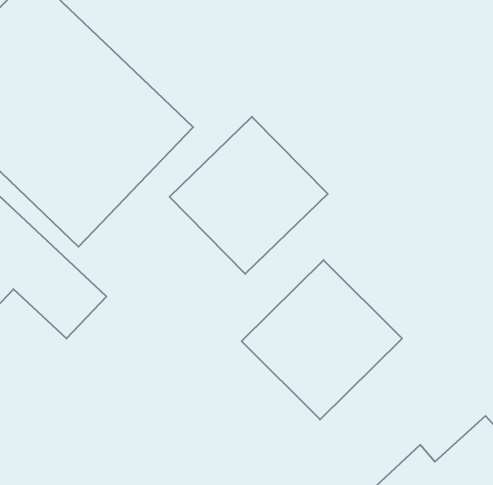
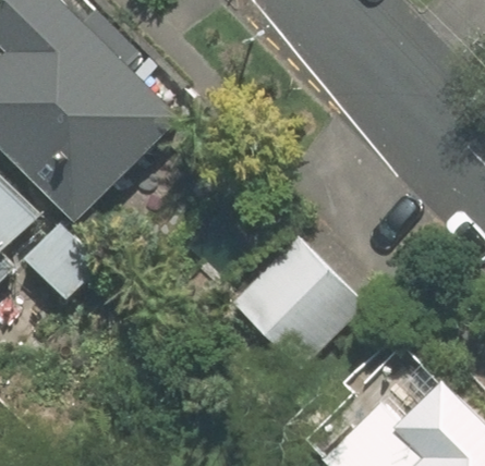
building: [170,117,328,274] -> none

